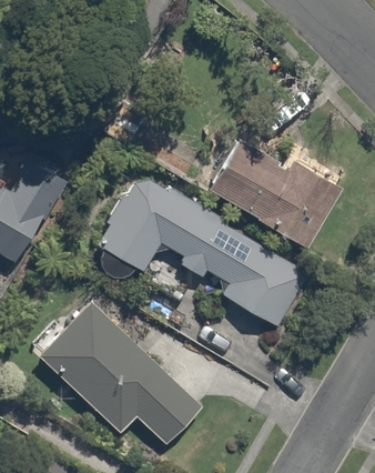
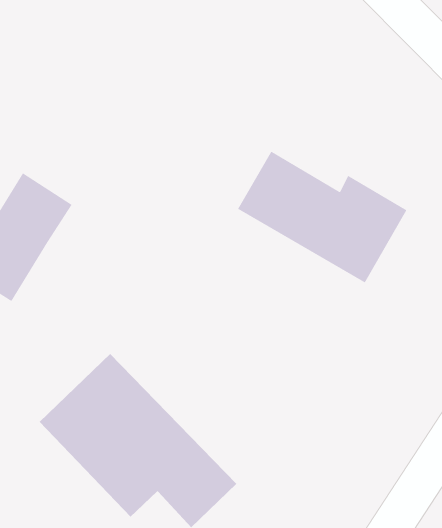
building: [98,175,310,329] -> none

